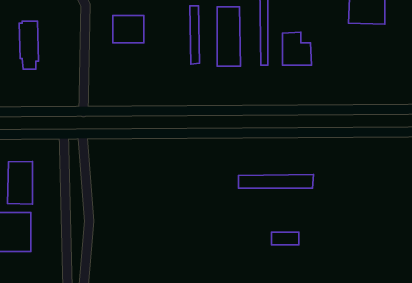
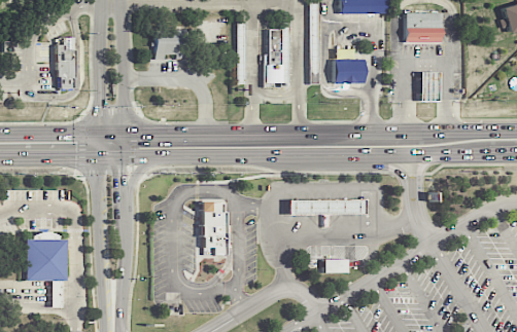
building: none -> [420,73,439,100]
building: [8,161,32,204] -> none
building: none -> [201,202,227,255]

